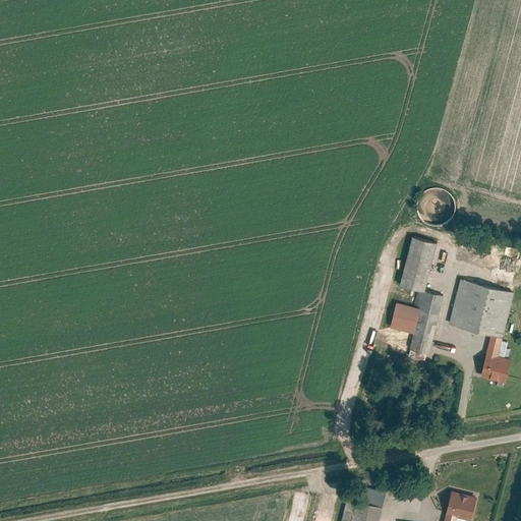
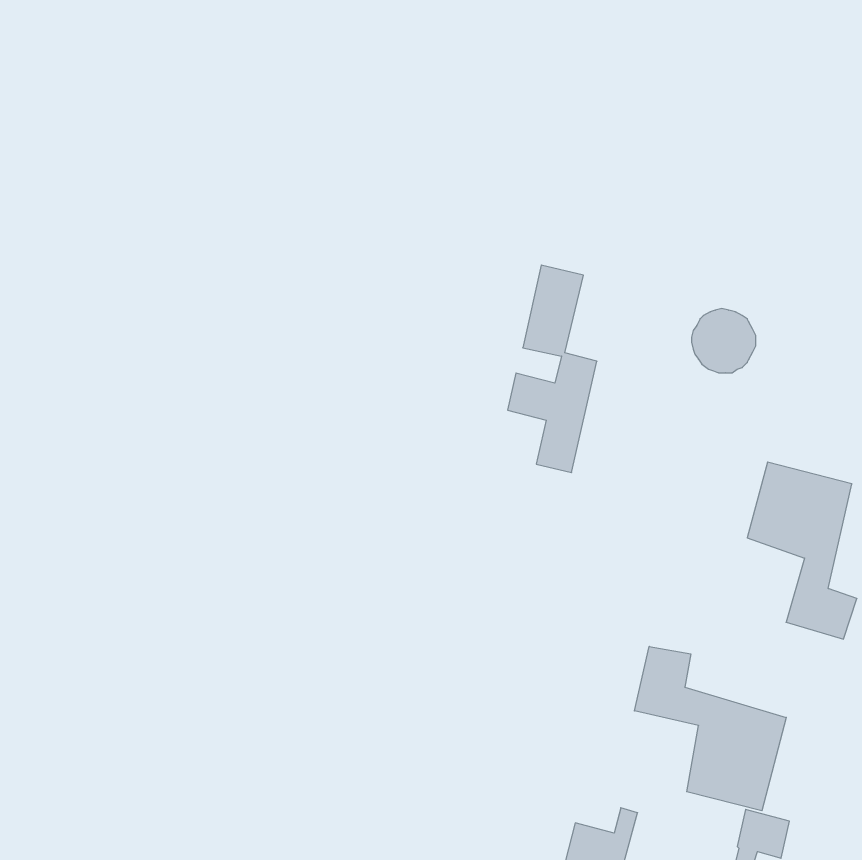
building: [389,237,443,362] -> [508,265,597,473]
building: none -> [634,646,786,811]

